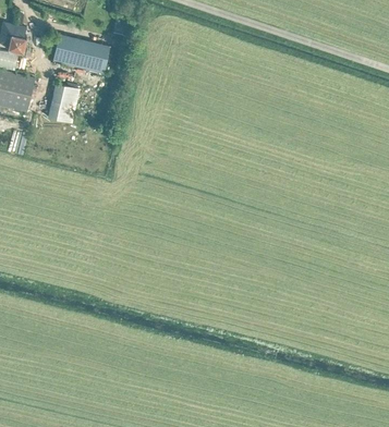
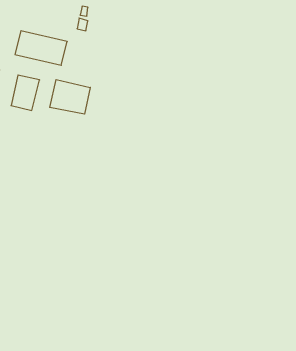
building: none -> [50,80,90,114]

